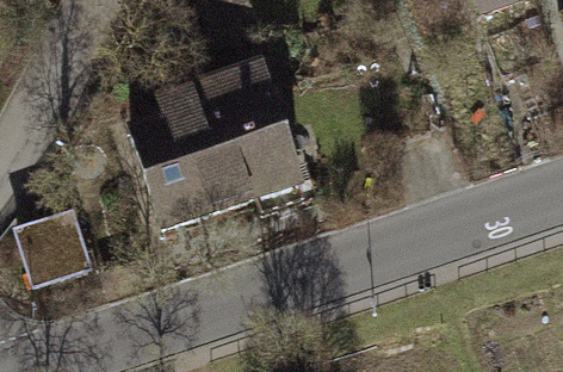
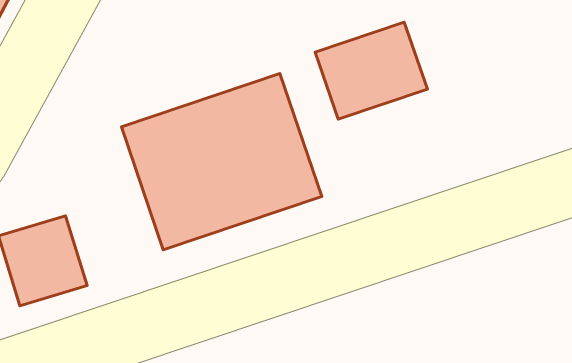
building: none -> [315,22,427,119]

